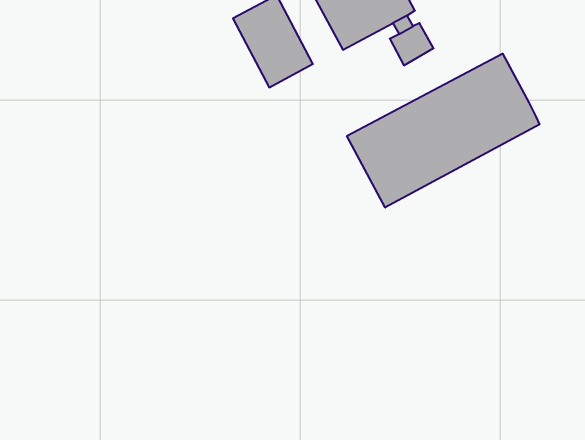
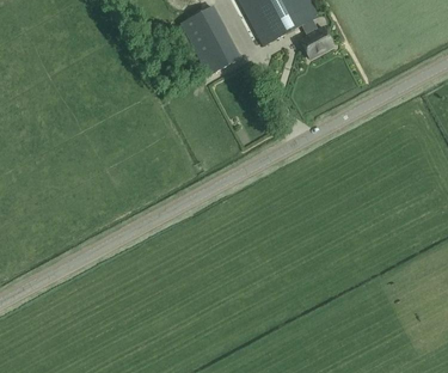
building: [347,54,539,208] -> none

